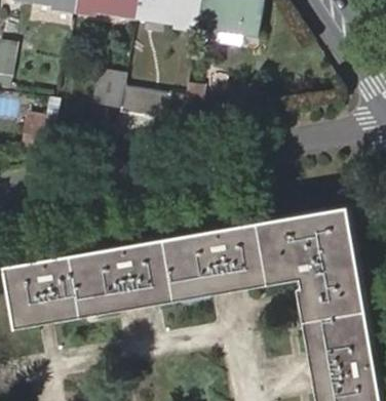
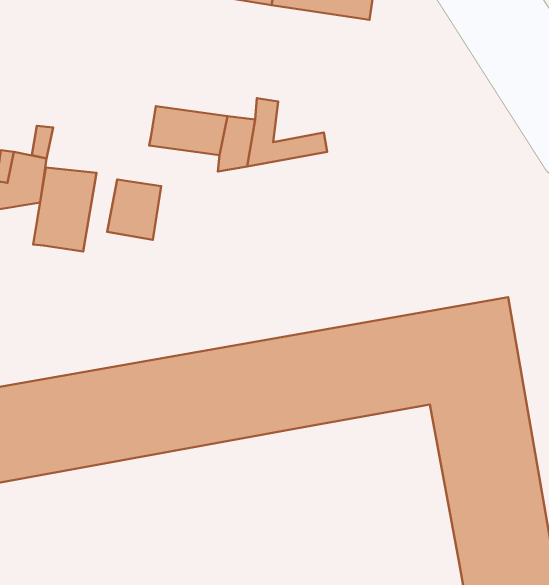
building: [92,70,126,108] -> [107,180,161,240]
building: none -> [33,167,96,252]

